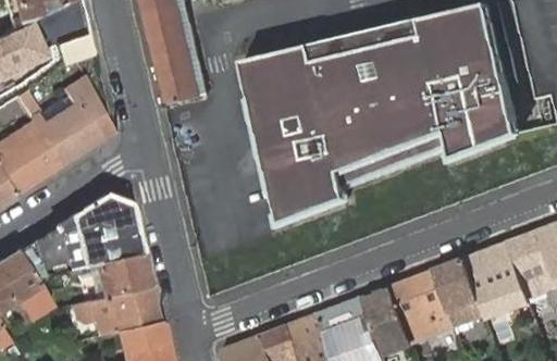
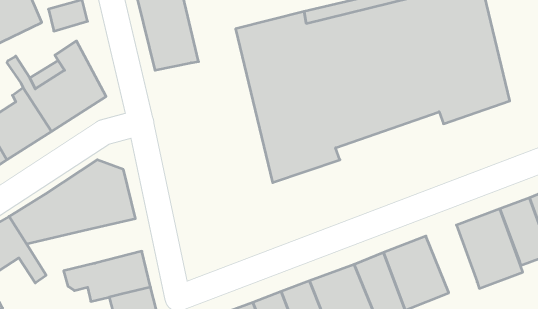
building: [95,251,149,296] -> none
building: [433,258,484,325] -> none

